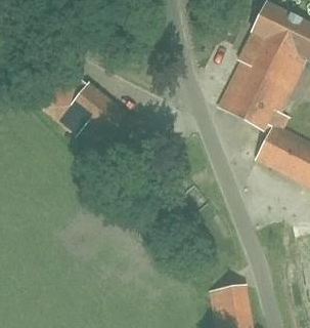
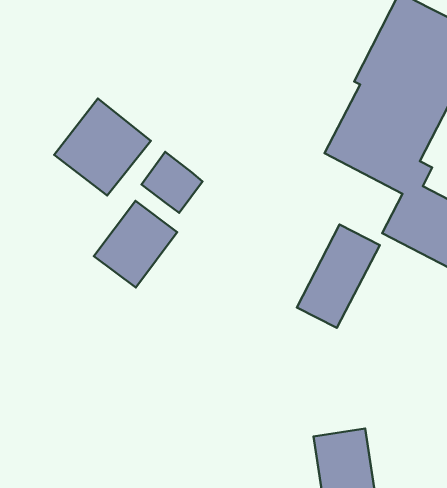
building: none -> [94,201,177,287]
building: none -> [297,225,380,328]

